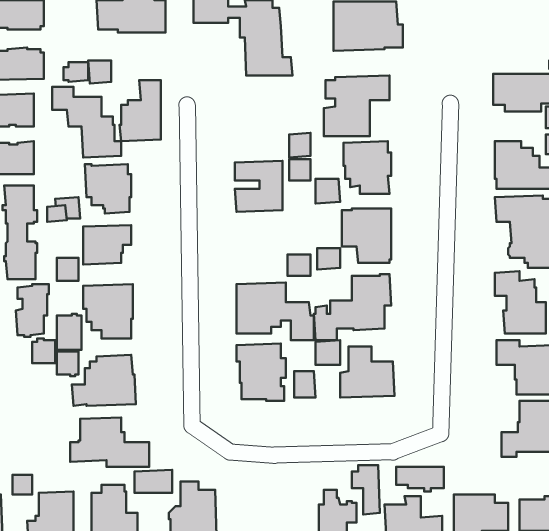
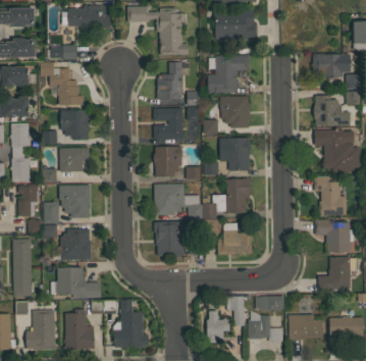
building: [120,80,161,141] -> [156,62,181,100]
building: none -> [155,146,181,176]
building: none -> [12,239,32,297]

